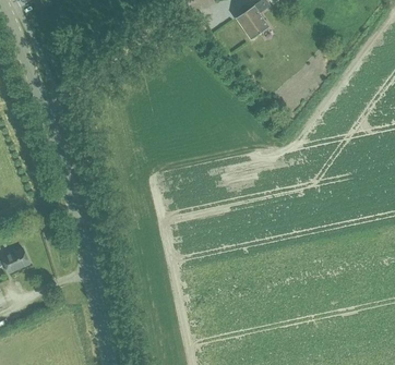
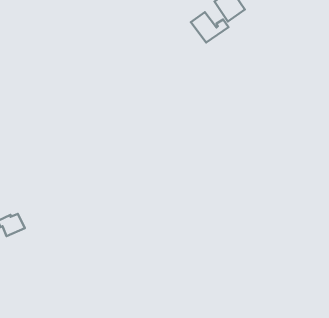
building: none -> [191,12,228,42]

